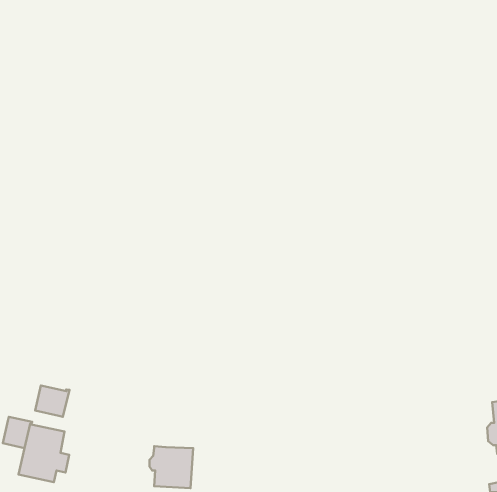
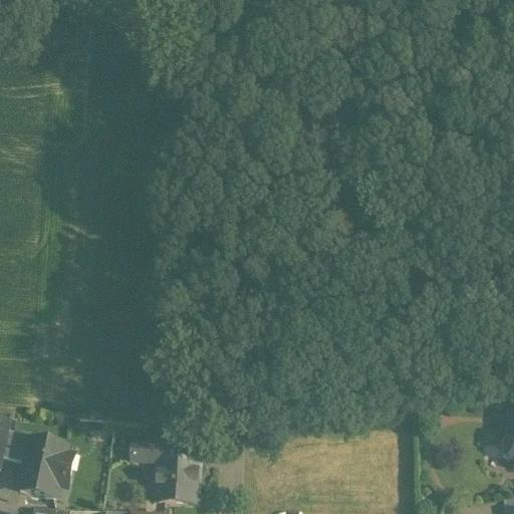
building: [35,386,69,417] -> none
building: none -> [134,442,174,461]

